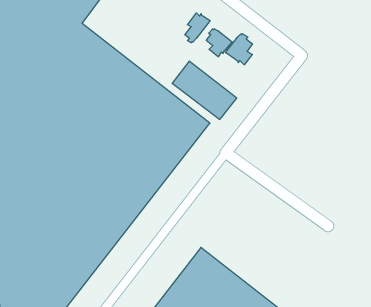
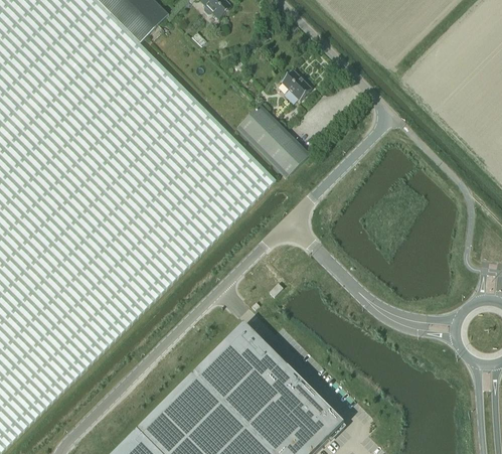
building: [185,13,210,43] -> none
building: [225,34,253,65] -> none

